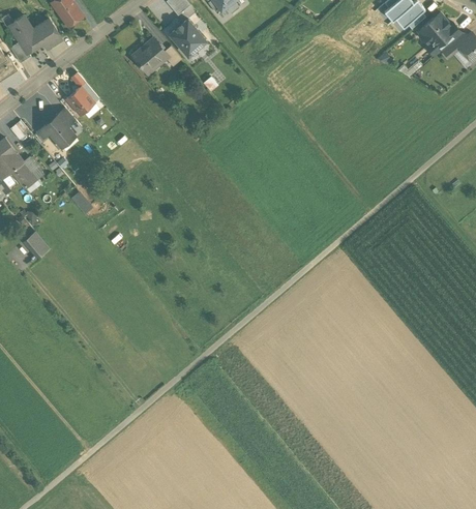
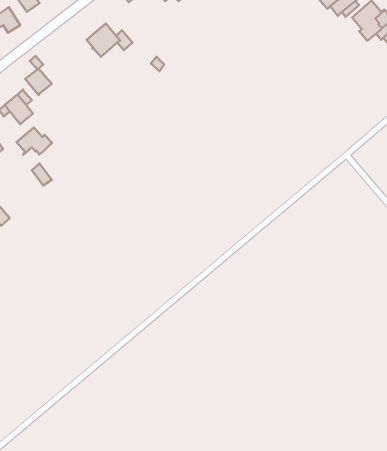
building: [170,19,205,55] -> none
building: none -> [16,127,52,155]

